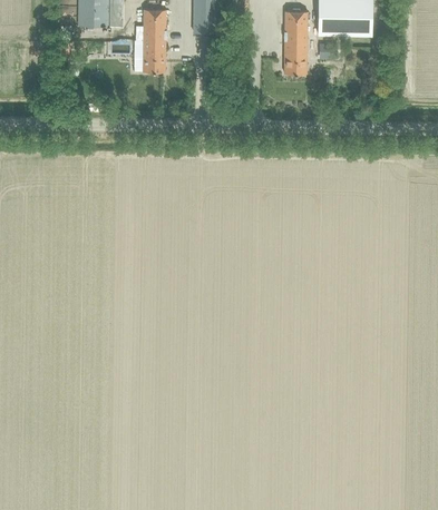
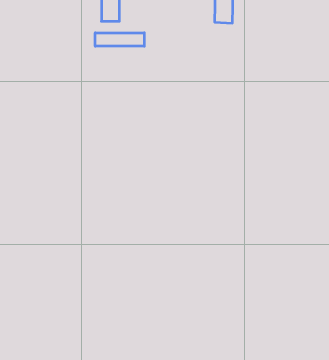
building: none -> [95,33,144,46]

